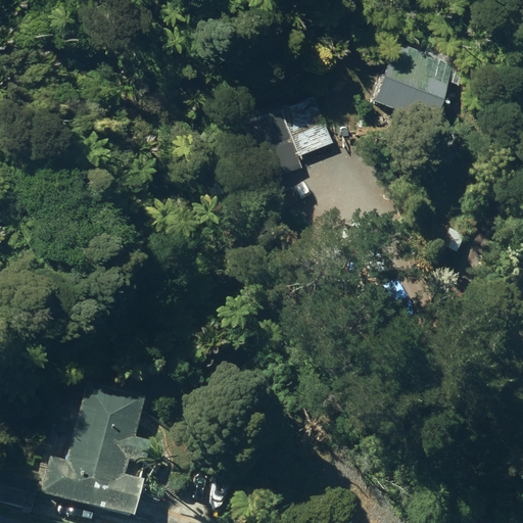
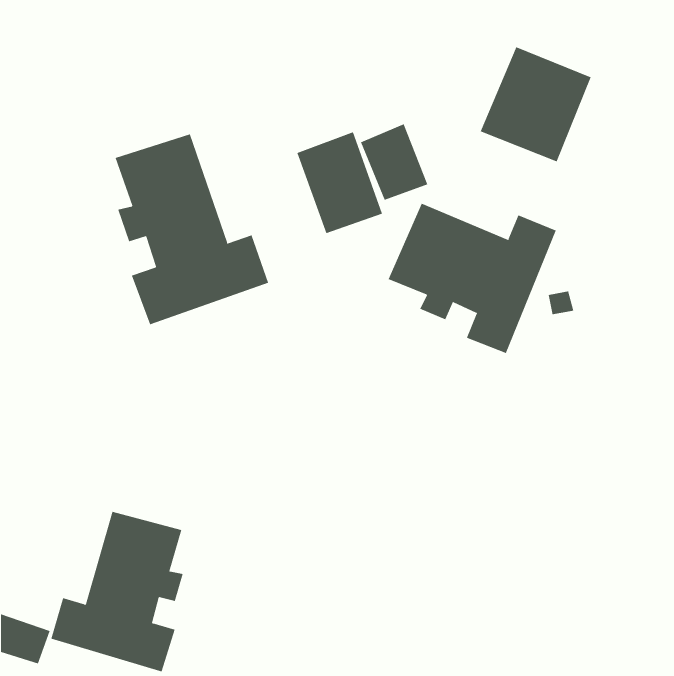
building: none -> [115,134,269,325]
building: none -> [388,203,557,354]

